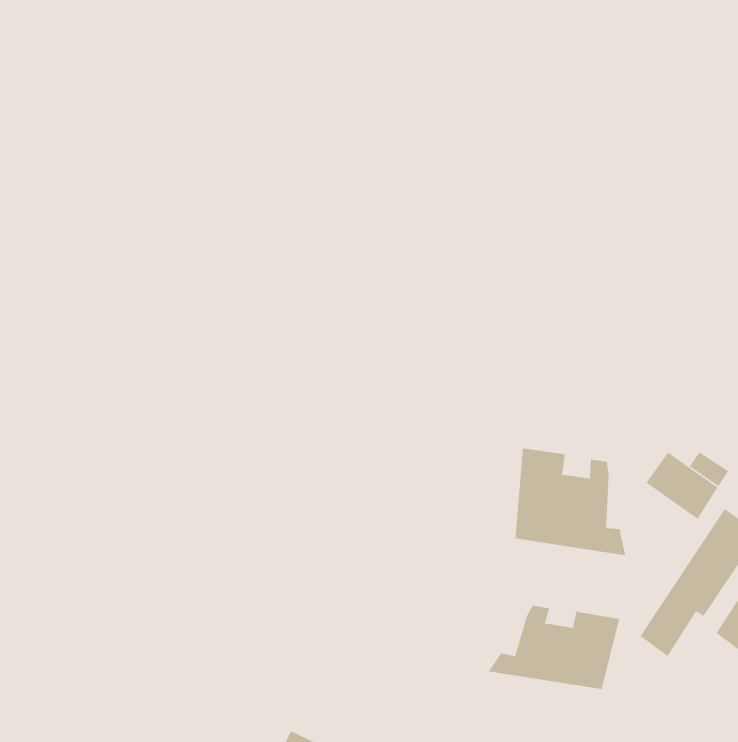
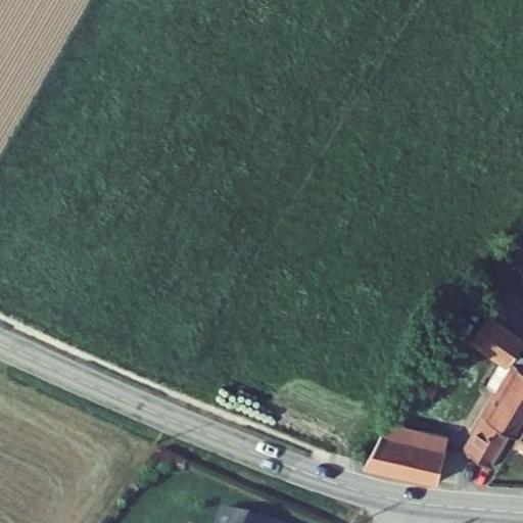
building: [514,447,626,556] -> none

